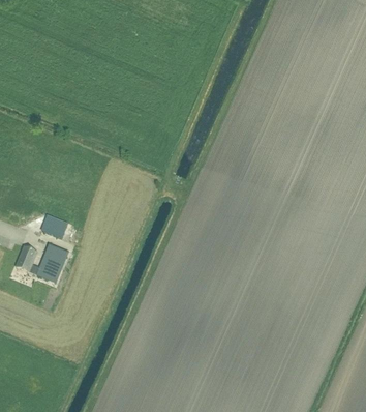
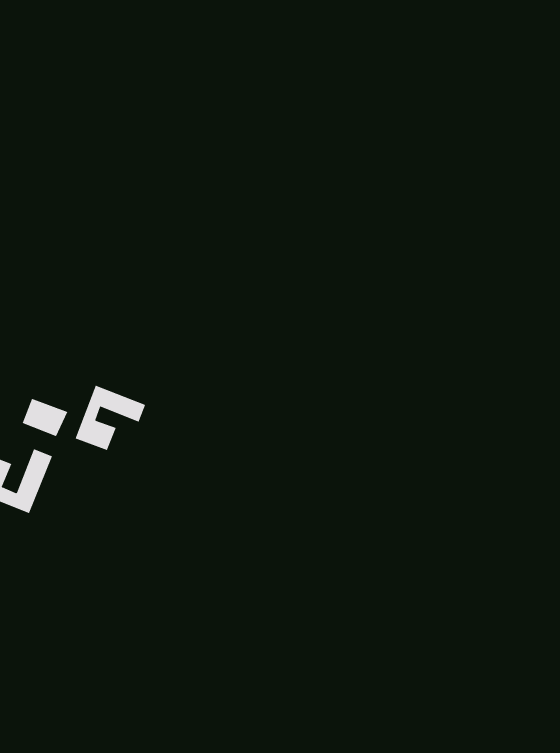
building: none -> [75,385,146,451]

